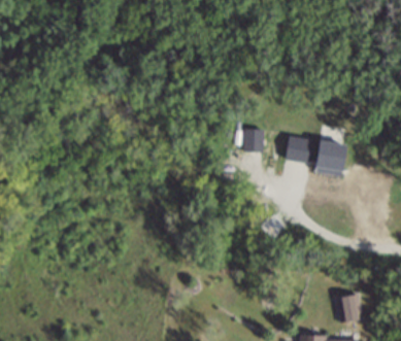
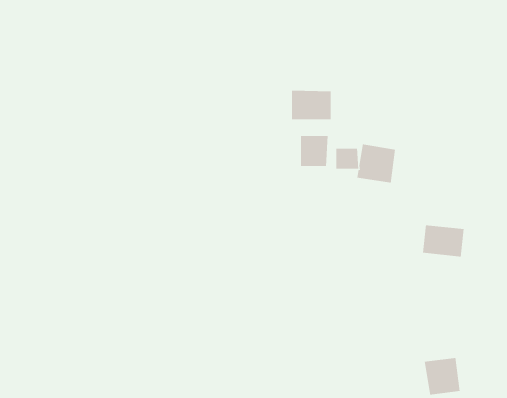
building: none -> [292,90,331,120]
building: [313,140,344,164] -> [422,225,464,257]

